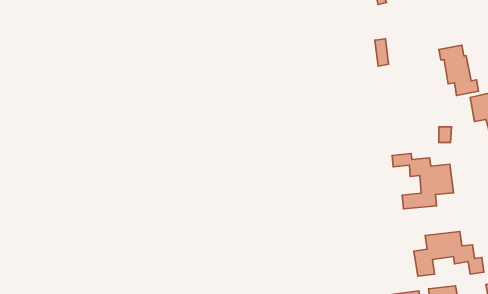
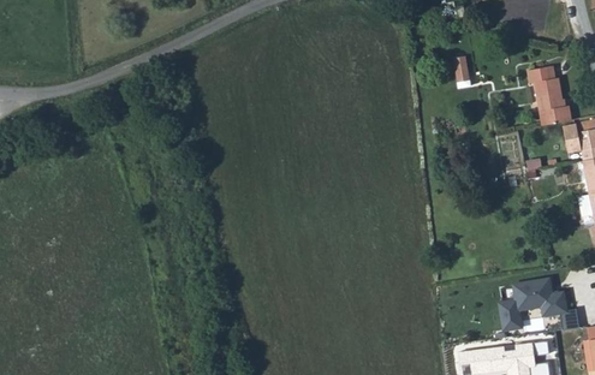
building: [392,153,453,209] -> none

